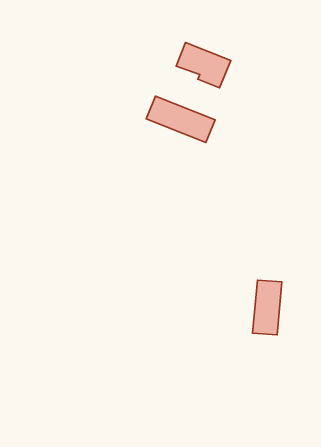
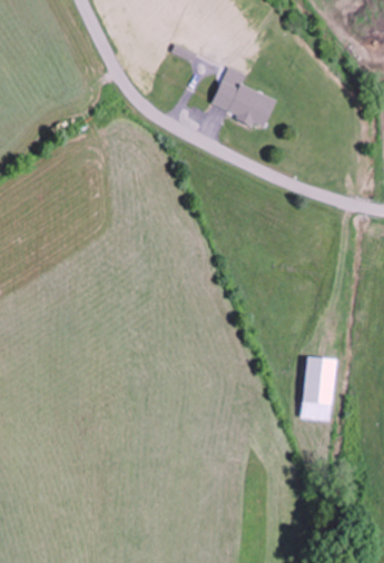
building: [146,96,215,143] -> none

